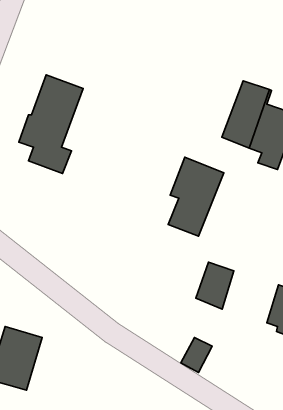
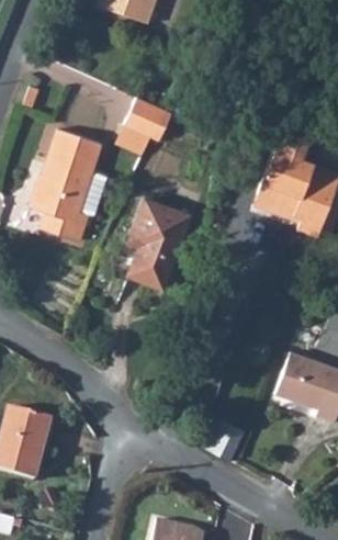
building: none -> [125,95,171,136]
building: [168,157,224,236] -> [126,196,189,285]
building: [196,262,234,309] -> [275,355,318,407]

